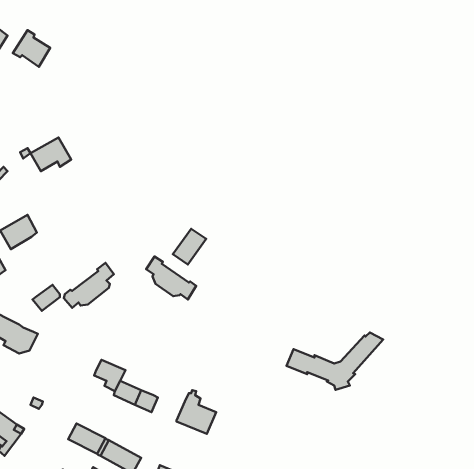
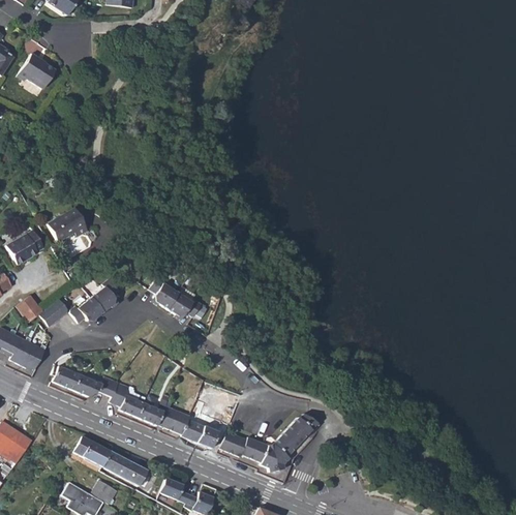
building: [30,138,71,171] -> [49,209,89,242]
building: [173,229,206,264] -> none
building: none -> [16,295,42,323]
building: [286,332,383,390] -> [219,415,315,472]
building: none -> [53,366,101,396]
building: none -> [157,405,189,434]

